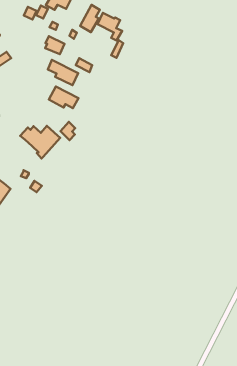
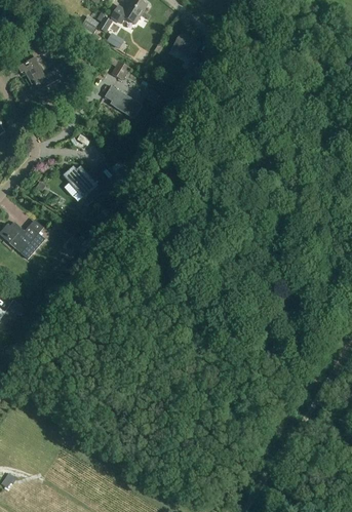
building: [80,5,100,32] -> none
building: [49,87,79,108] -> none

